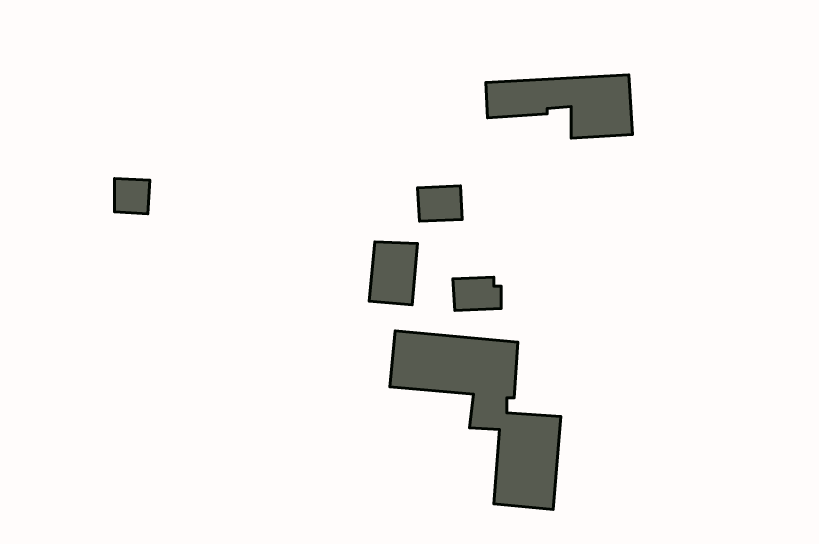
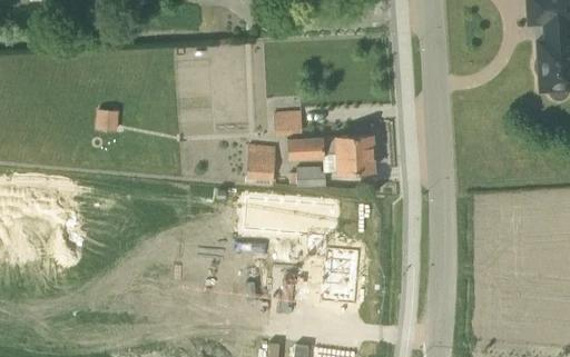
building: [486,75,633,138] -> [286,135,374,172]

